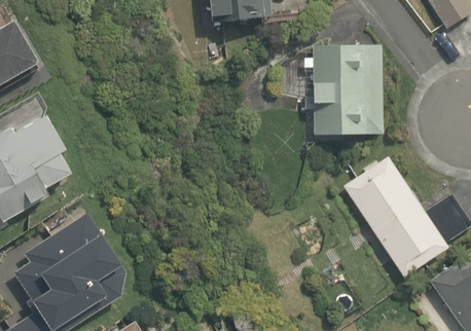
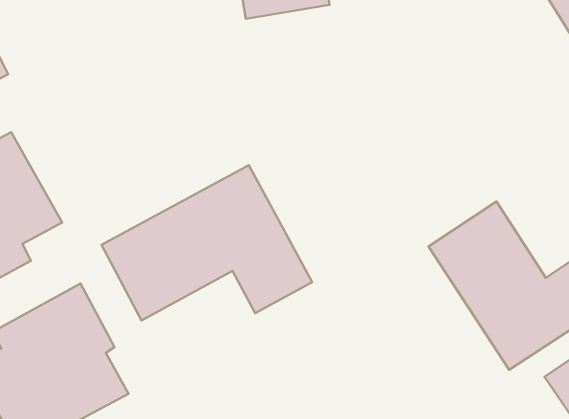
building: [310,42,384,138] -> none
building: none -> [102,165,312,320]

